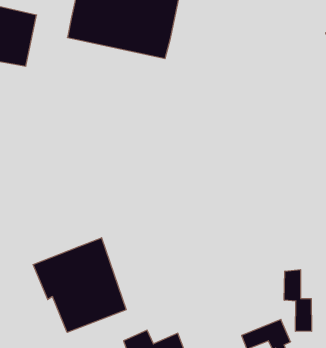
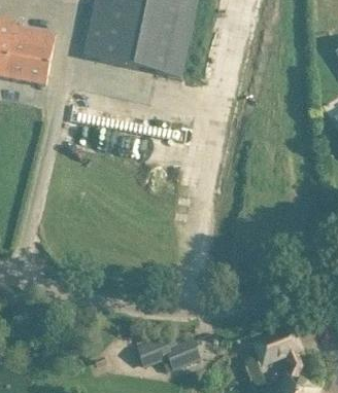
building: [33,238,126,332] -> none
building: [284,270,312,331] -> none

